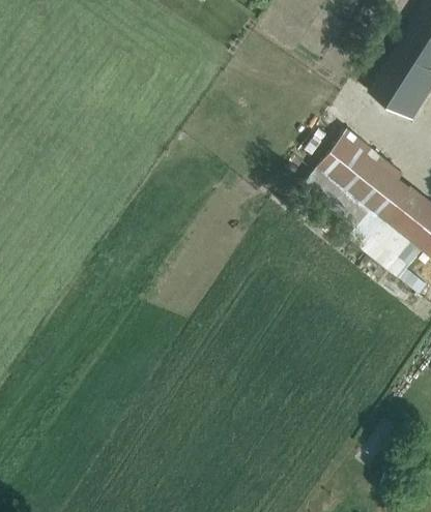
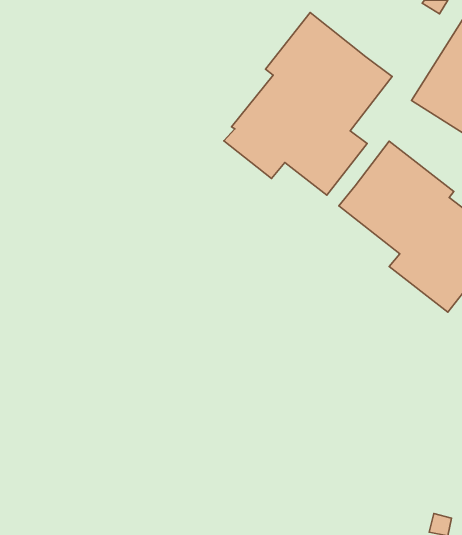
building: none -> [224,12,392,195]

